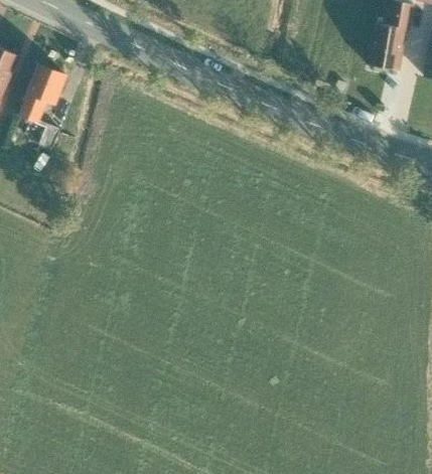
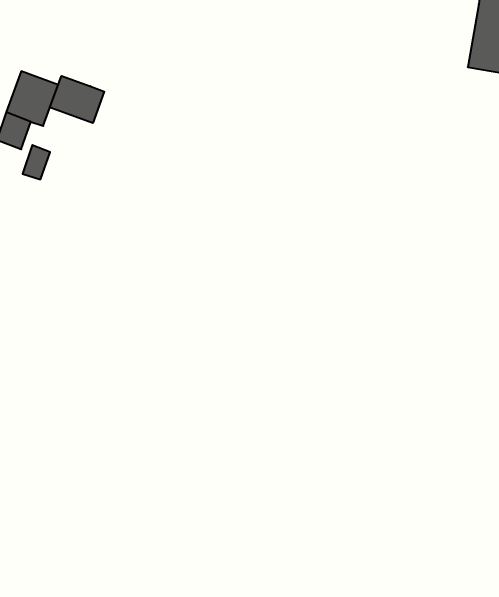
building: none -> [50,76,104,123]

